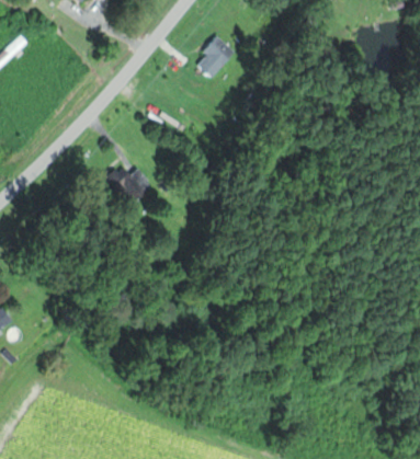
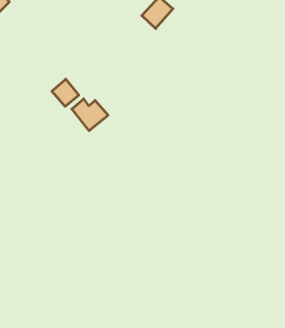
building: none -> [52,79,79,106]

